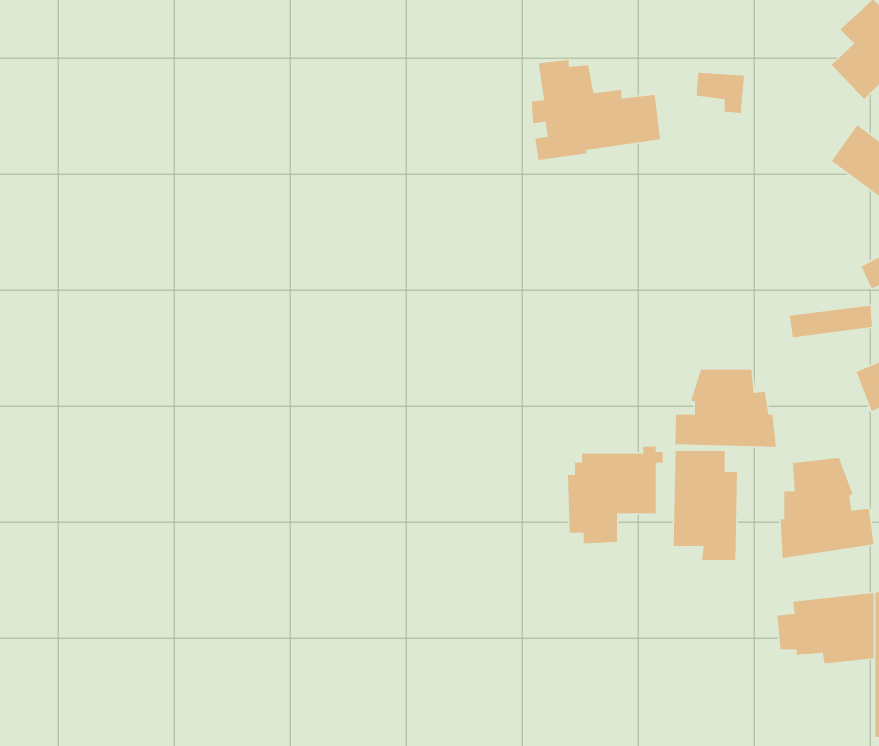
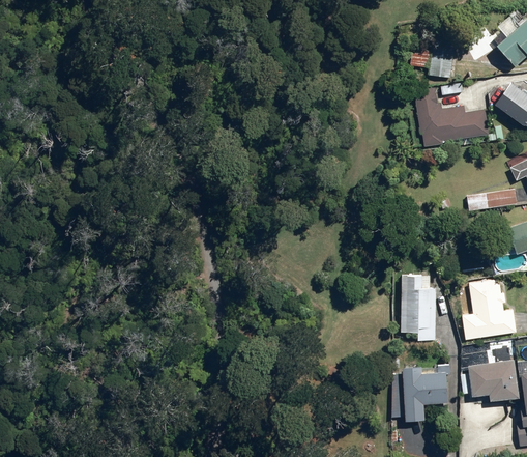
building: [531,59,661,161] -> [412,88,489,148]
building: [674,369,777,447] -> none
building: [567,446,664,544] -> [393,364,450,422]

